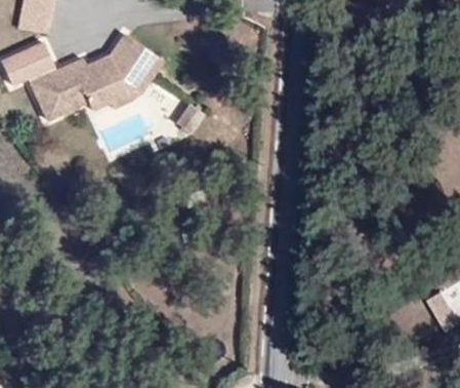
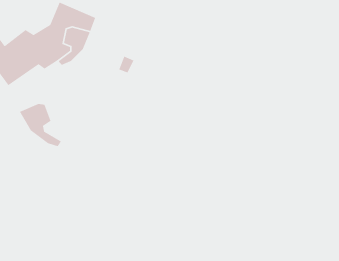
building: none -> [19,103,62,147]

